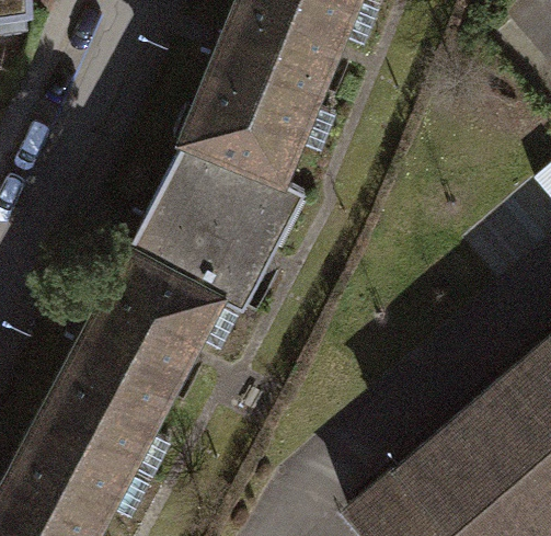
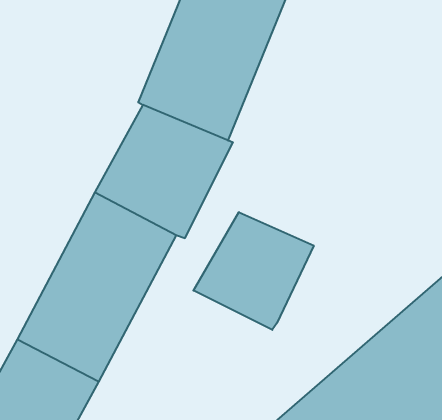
building: none -> [193,212,314,330]

